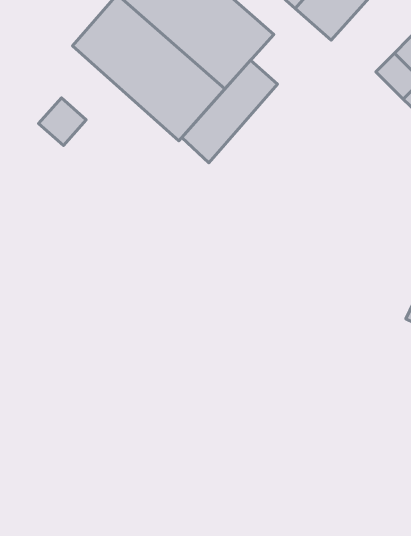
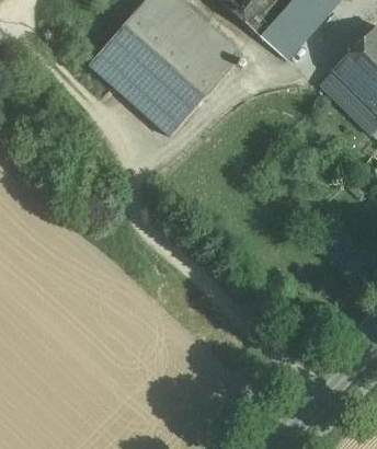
building: [182,60,278,163] -> none
building: [39,98,86,146] -> none

